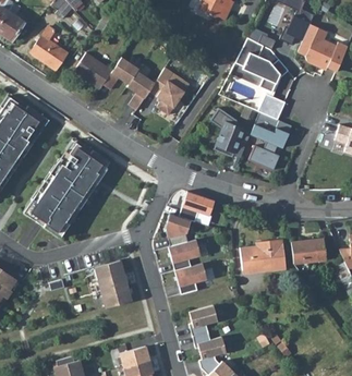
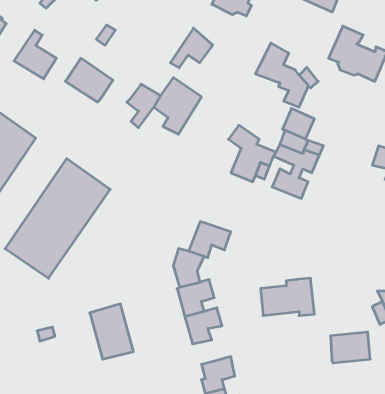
building: [102,57,138,90] -> [170,28,213,68]
building: [291,238,325,264] -> [330,332,370,363]

